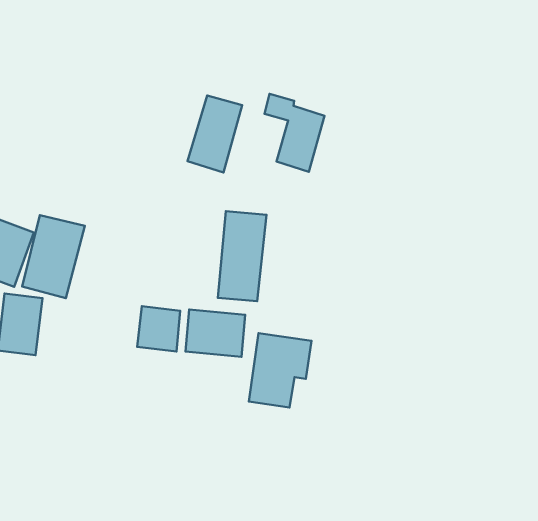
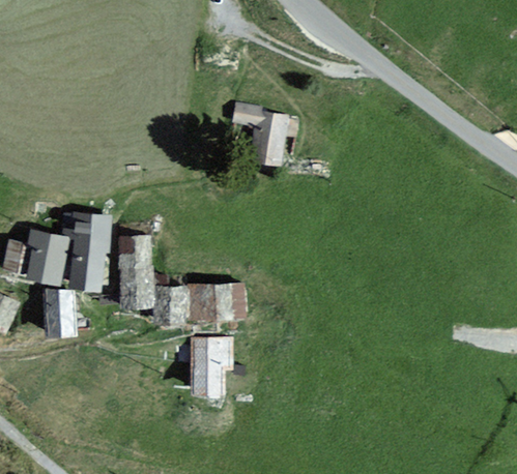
building: [188,96,242,172] -> none
building: [218,211,266,301] -> [119,234,153,305]
building: [249,333,312,408] -> [185,337,230,394]

